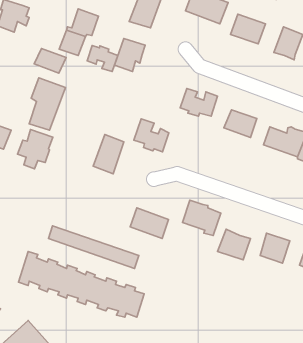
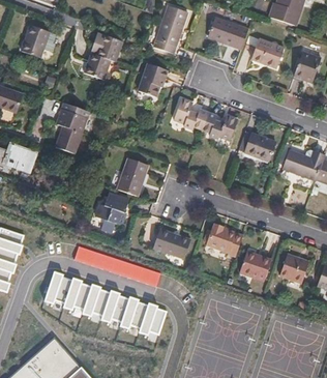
building: [87,46,118,72] -> none
building: [34,48,66,73] -> none
building: [134,119,169,152] -> [174,98,208,130]
building: [18,130,53,169] -> [94,193,128,231]

